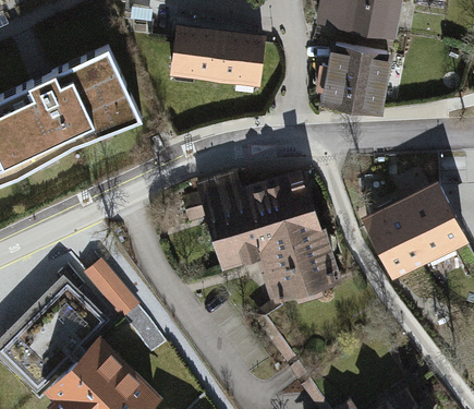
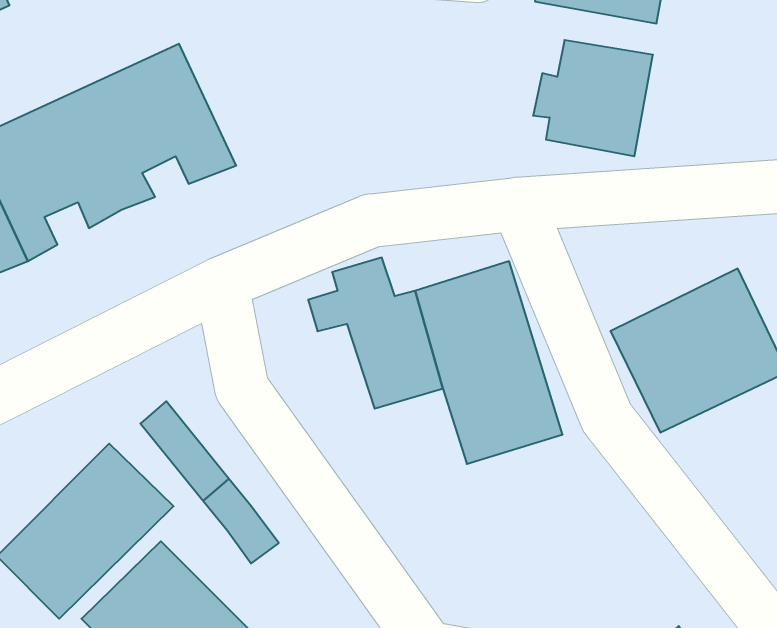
building: [173,28,264,83] -> none

